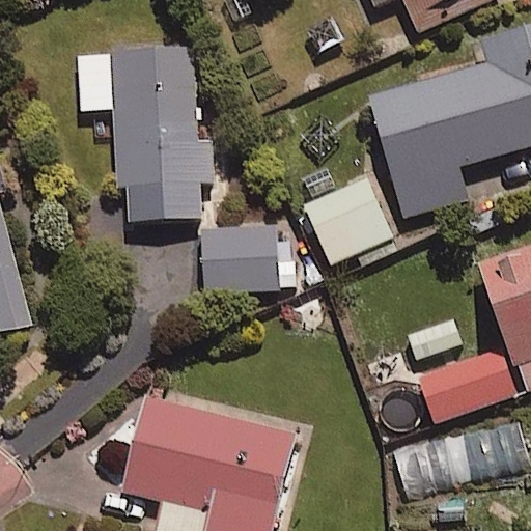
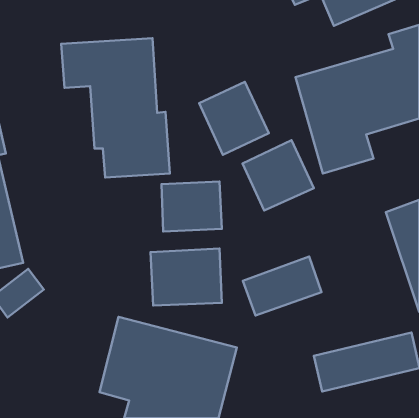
building: none -> [199,82,269,155]
building: none -> [150,248,222,305]
building: [419,348,518,422] -> [243,257,322,316]

